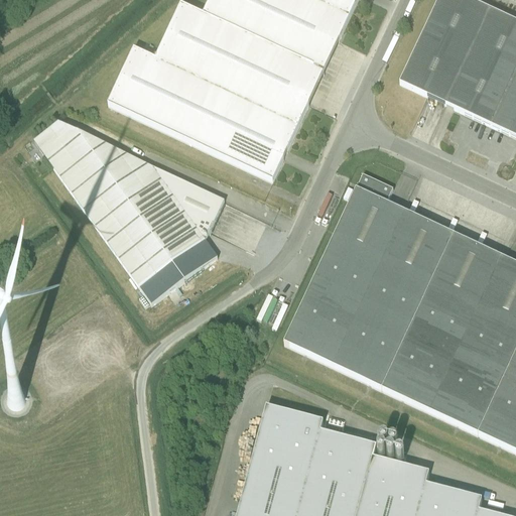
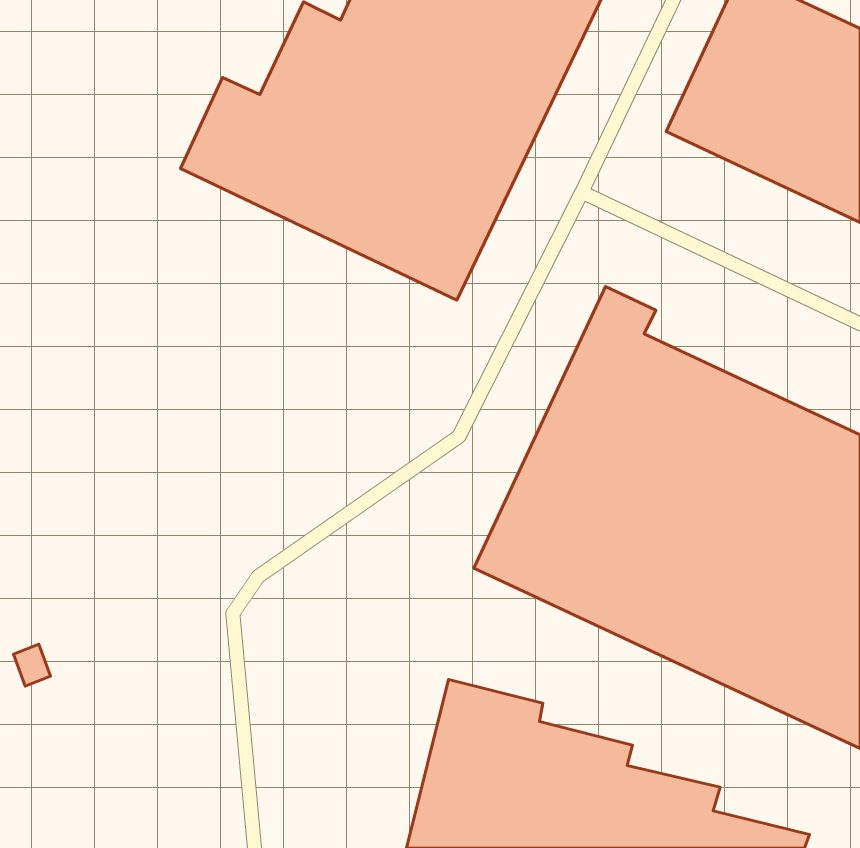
building: [34,119,225,303] -> none

